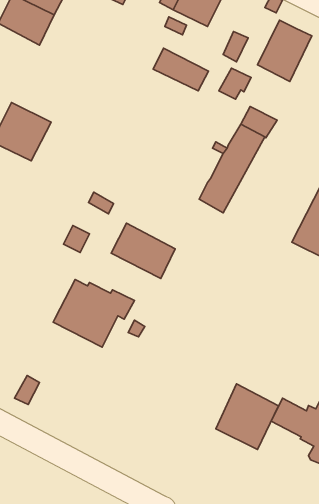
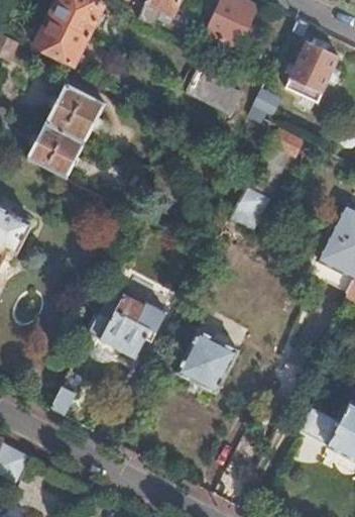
building: none -> [47,87,104,141]
building: [111,223,175,278] -> none
building: [216,384,278,450] -> [176,330,237,394]

